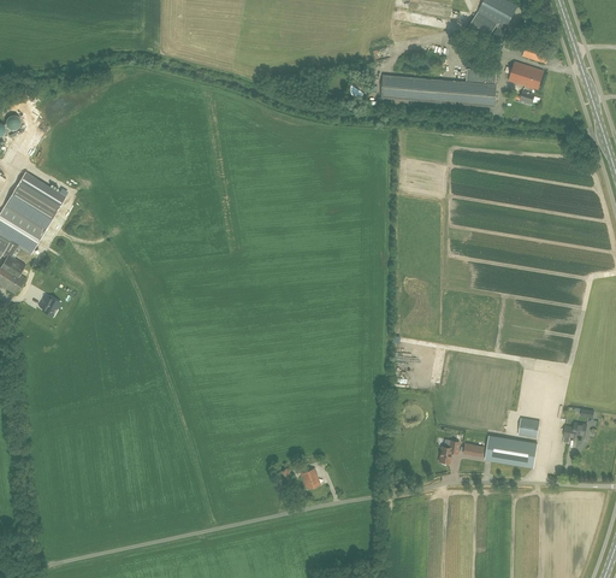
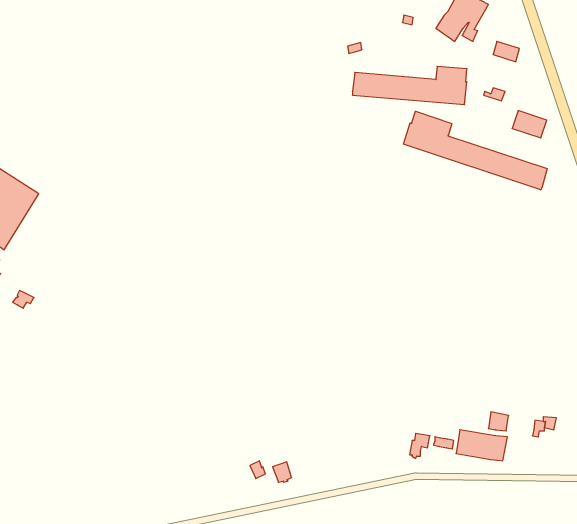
building: [508,61,543,89] -> [512,111,547,138]
building: none -> [404,111,547,190]

